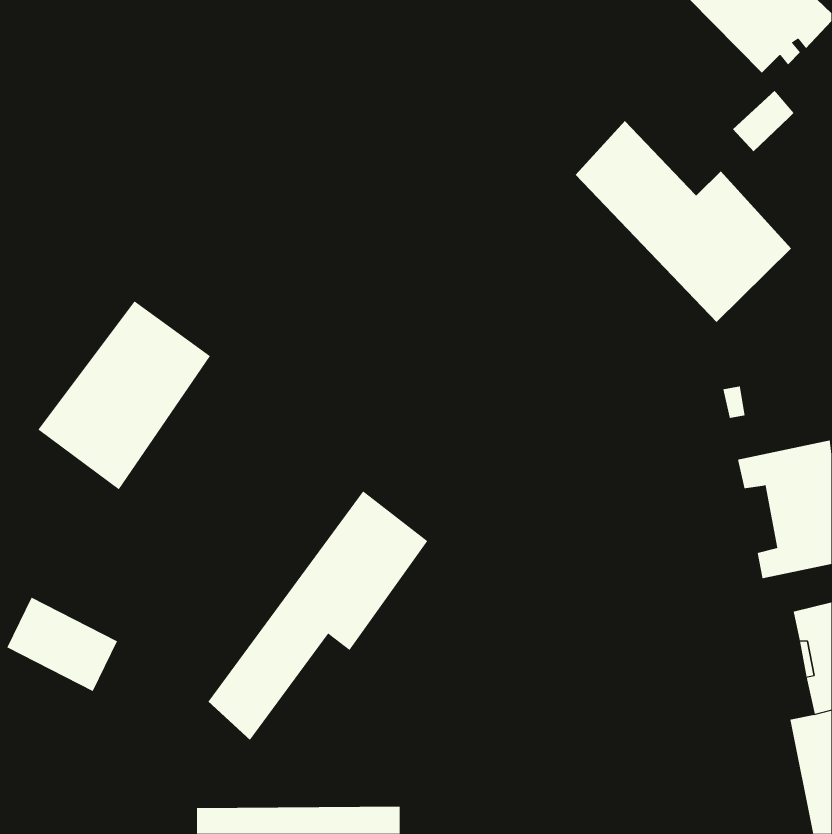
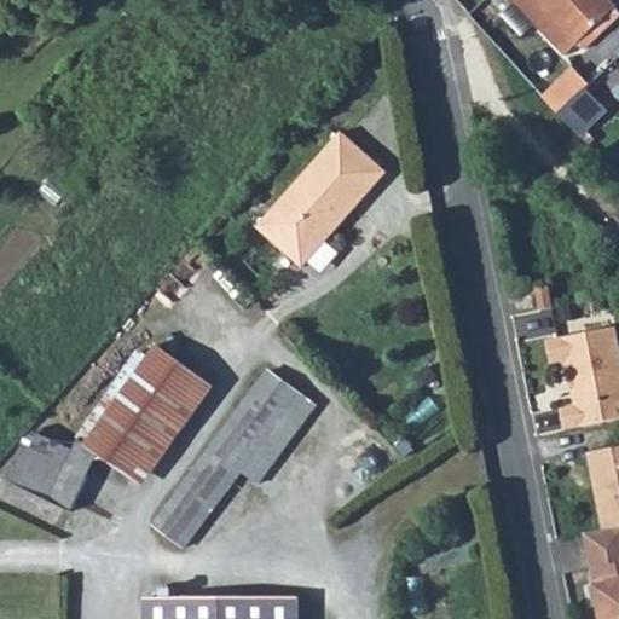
building: none -> [557,87,606,135]
building: [575,120,792,323] -> none
building: none -> [256,131,386,266]
building: [38,300,211,490] -> [86,342,214,482]

